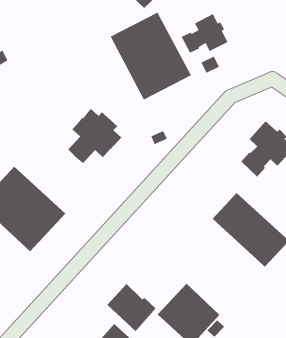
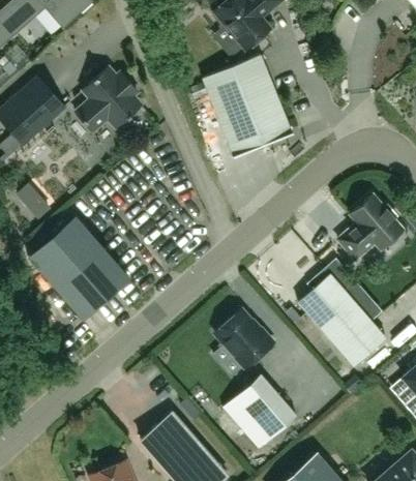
building: [181,13,228,53] -> none
building: [67,108,122,164] -> [76,67,141,131]
building: [106,283,157,332] -> [215,309,273,367]

